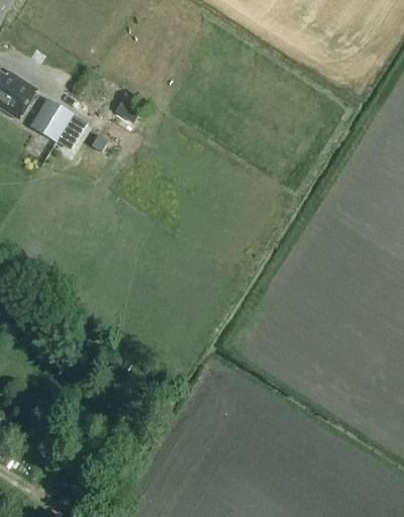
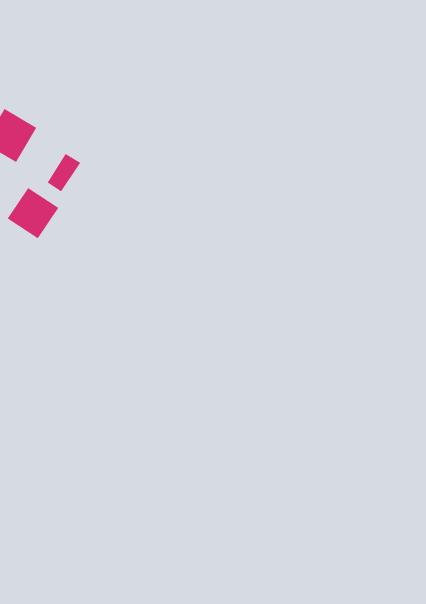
building: none -> [7,187,59,239]

